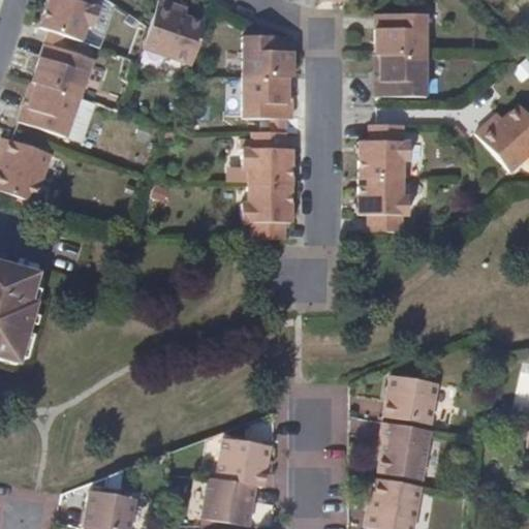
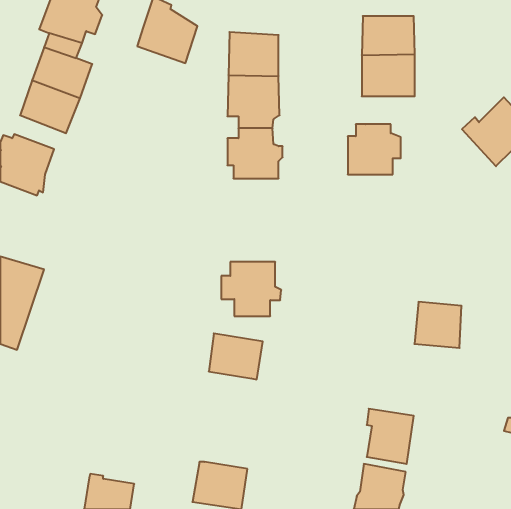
building: [355,180,414,232] -> none
building: [232,184,294,240] -> [221,262,281,316]
building: [385,368,434,415] -> [414,302,462,348]
building: [212,437,268,485] -> [209,333,263,379]

